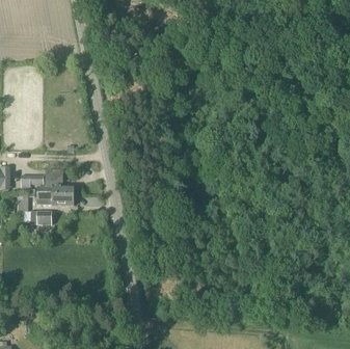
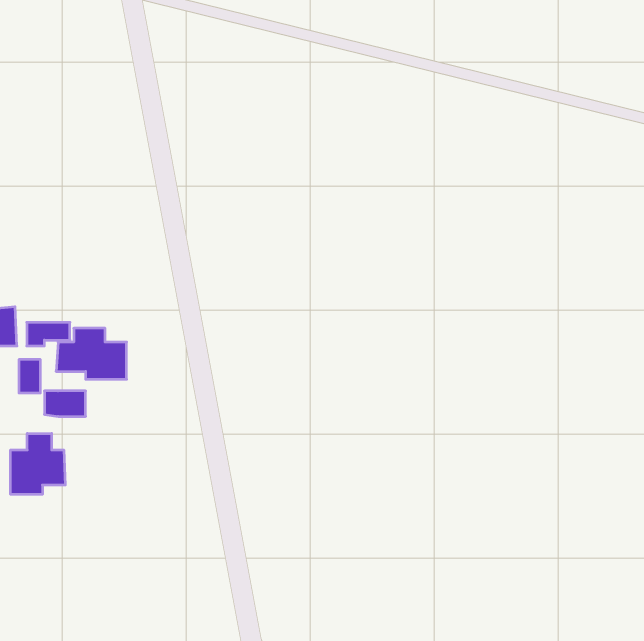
building: none -> [11,433,65,494]

